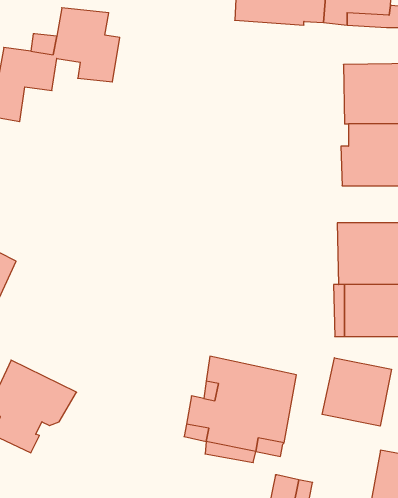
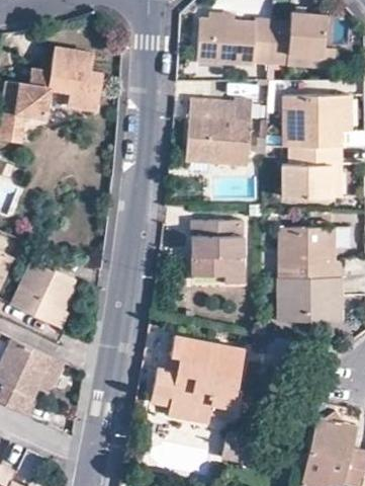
building: none -> [188,100,251,165]
building: none -> [191,219,242,284]
building: none -> [10,259,74,329]
building: [322,358,391,426] -> none

